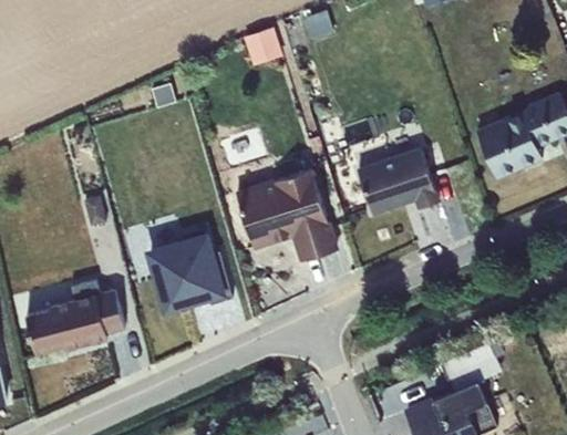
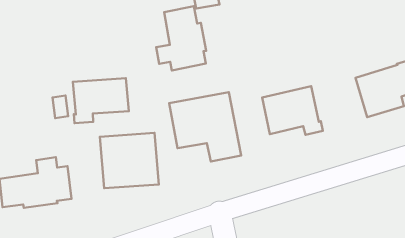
building: none -> [156,6,206,70]
building: none -> [73,78,129,123]

